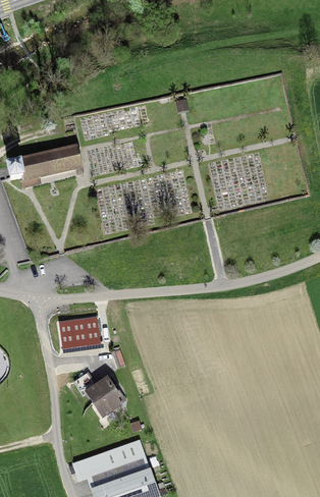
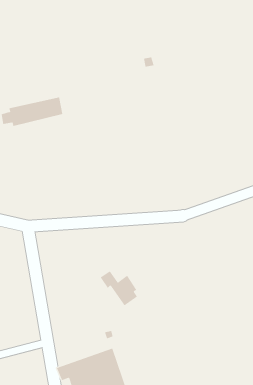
building: [59,315,101,347] -> none
building: [74,373,119,415] -> [100,271,138,306]

